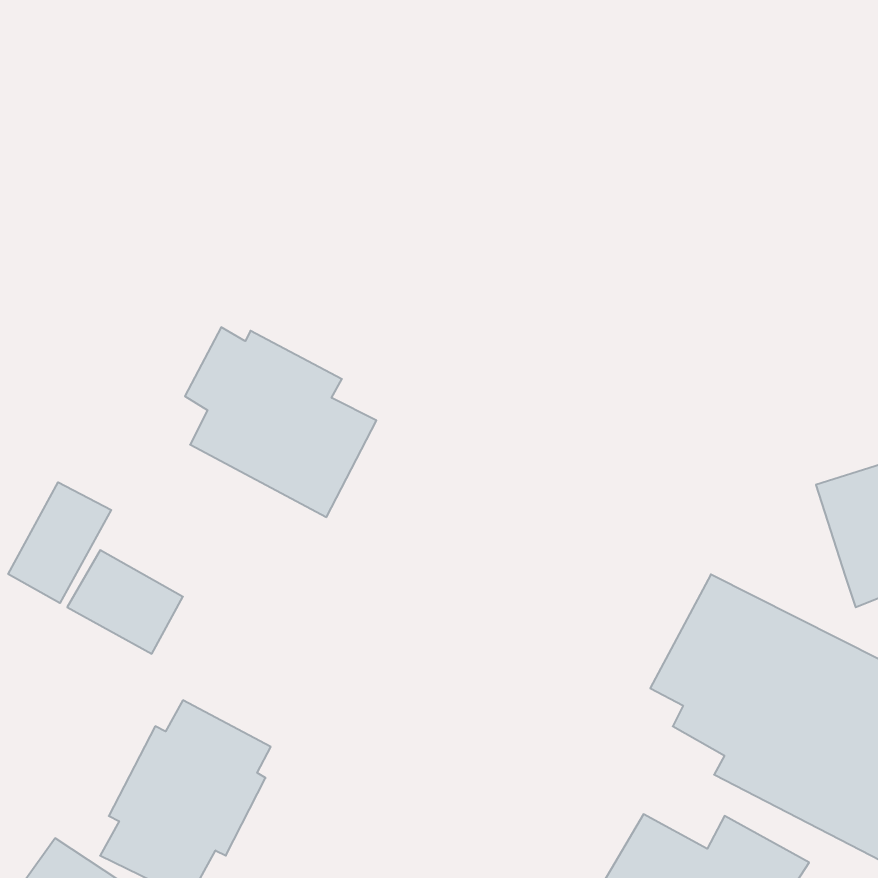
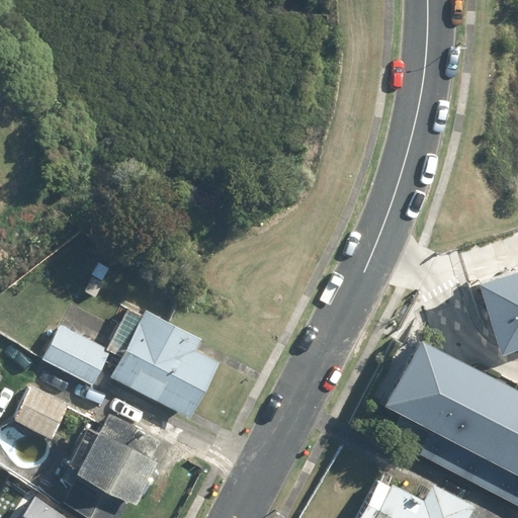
building: [185,327,376,517] -> [107,308,220,419]
building: [8,482,111,603] -> none
building: none -> [13,385,68,438]

